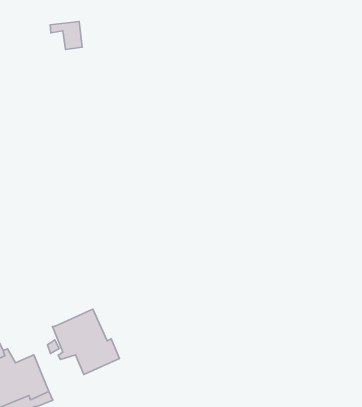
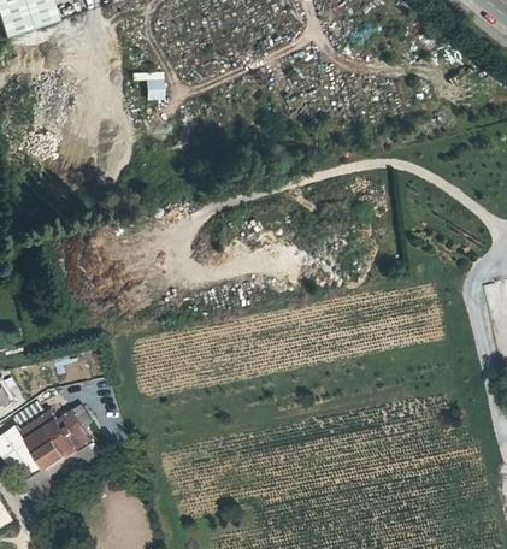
building: [52,309,120,375] -> none

